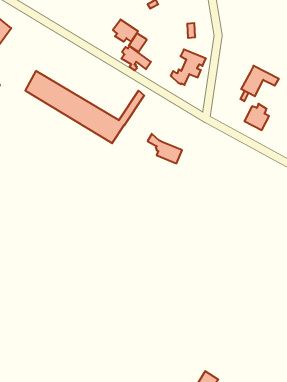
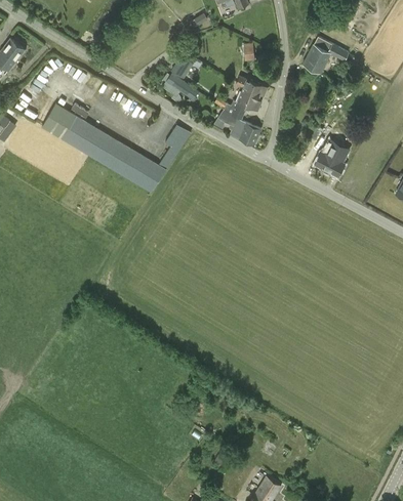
building: [113,19,138,42] -> none
building: [241,66,279,96] -> [303,36,350,74]
building: [148,134,182,163] -> [218,109,261,145]

